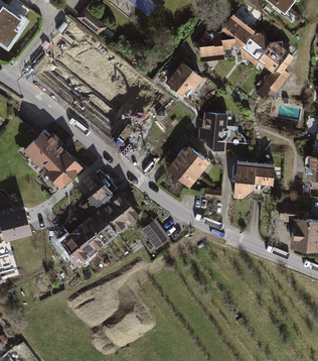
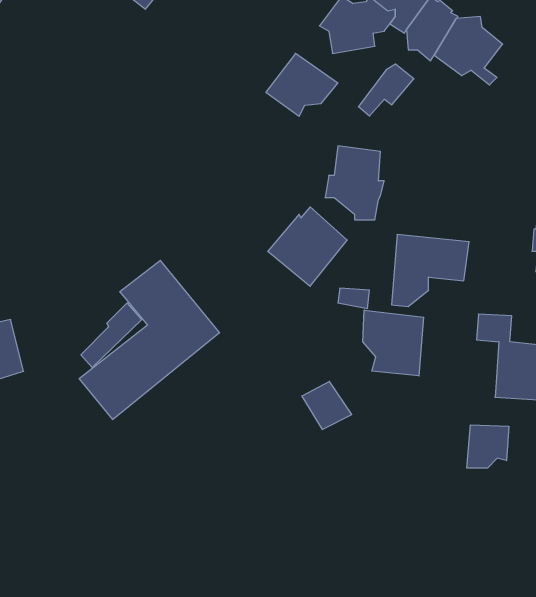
building: [256,71,286,99] -> [358,64,414,116]
building: [26,129,85,187] -> none
building: none -> [363,310,424,376]
building: [144,222,171,248] -> [302,381,352,429]
building: none -> [467,425,509,468]

